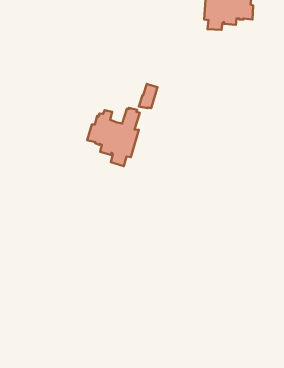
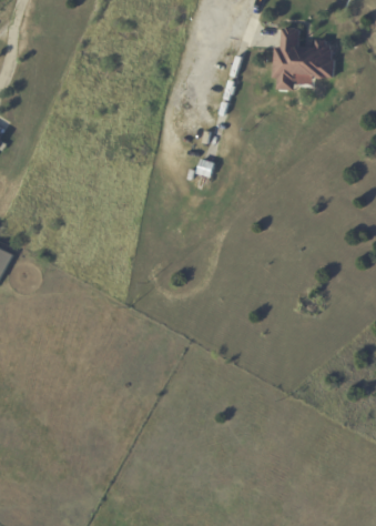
building: [87,108,140,166] -> none

